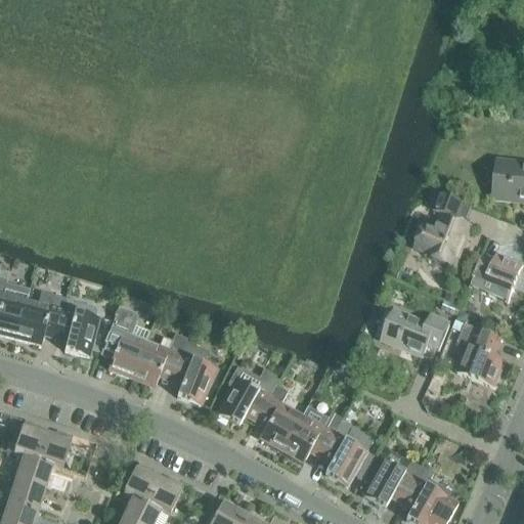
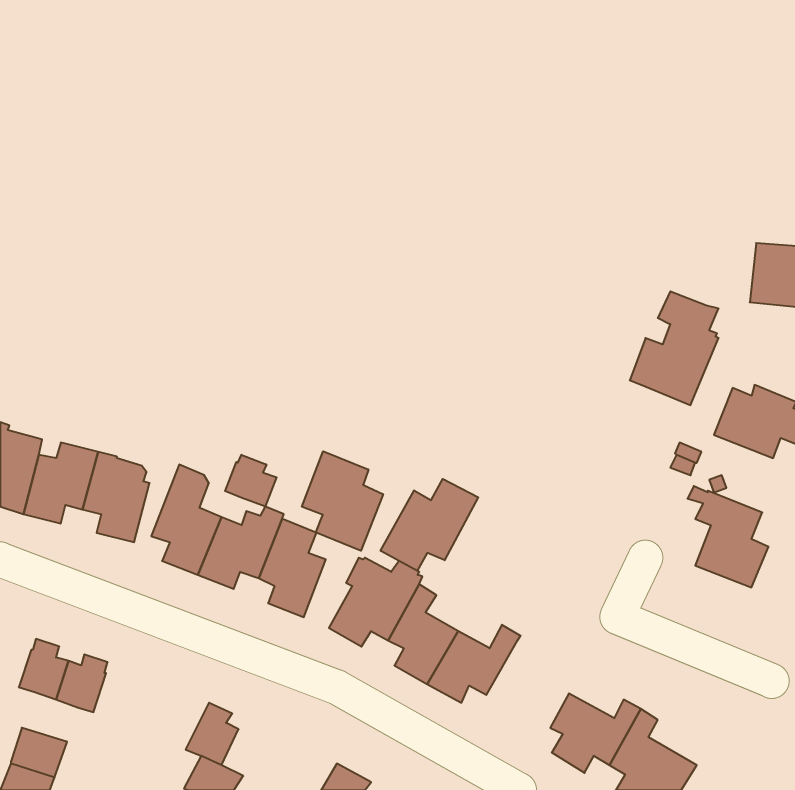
building: none -> [302,451,383,551]
building: none -> [225,455,277,506]
building: [382,309,450,355] -> none
building: none -> [381,479,478,571]
building: [320,421,375,486] -> none
building: [15,454,52,487] -> none
building: [146,476,183,514] -> none

